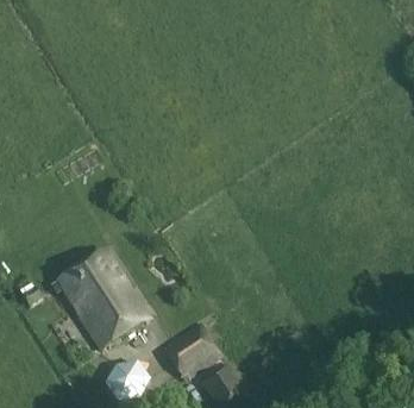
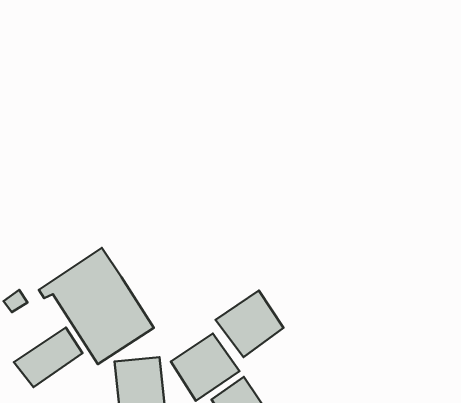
building: none -> [216,291,284,357]
building: none -> [14,327,82,387]

